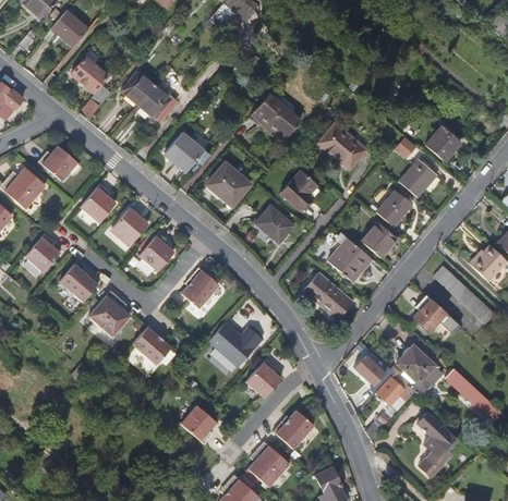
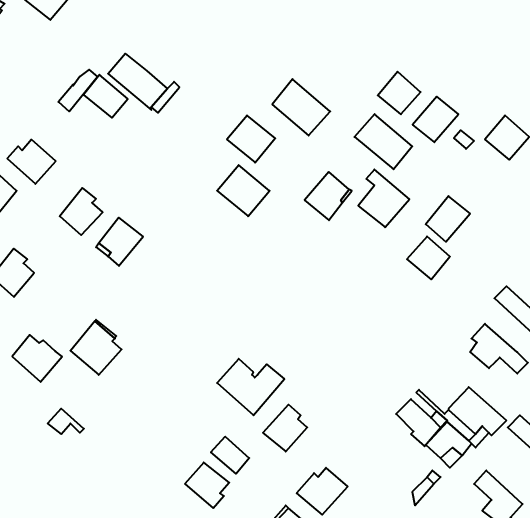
building: [71,58,107,93] -> [83,75,128,118]
building: none -> [378,72,421,114]
building: [166,132,205,170] -> [227,115,275,163]
building: [400,160,437,197] -> [413,97,458,142]
building: [255,206,294,244] -> none
building: [140,232,174,270] -> none
building: [328,234,370,281] -> [358,169,409,227]
building: [60,264,100,302] -> [12,335,62,382]
building: [181,267,219,308] -> none
building: [304,273,353,322] -> none
building: [133,325,171,364] -> none
building: none -> [211,437,249,474]

